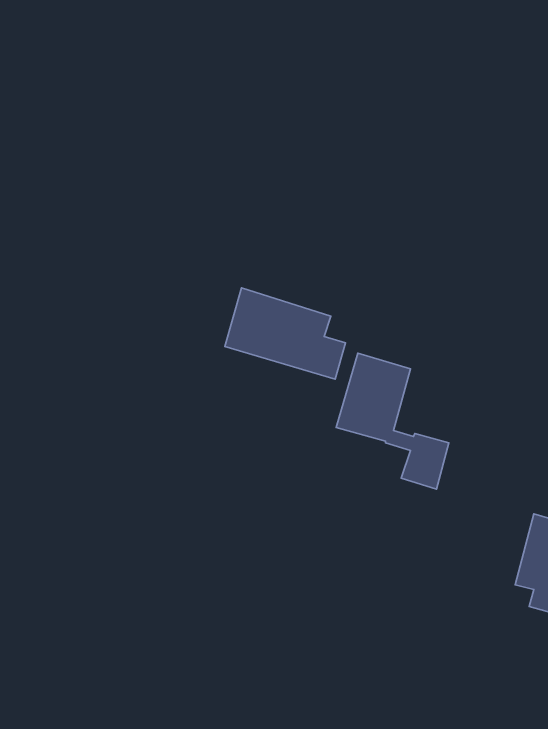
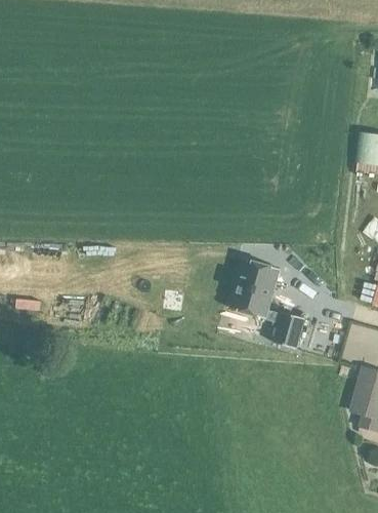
building: [225,288,346,379] -> none

